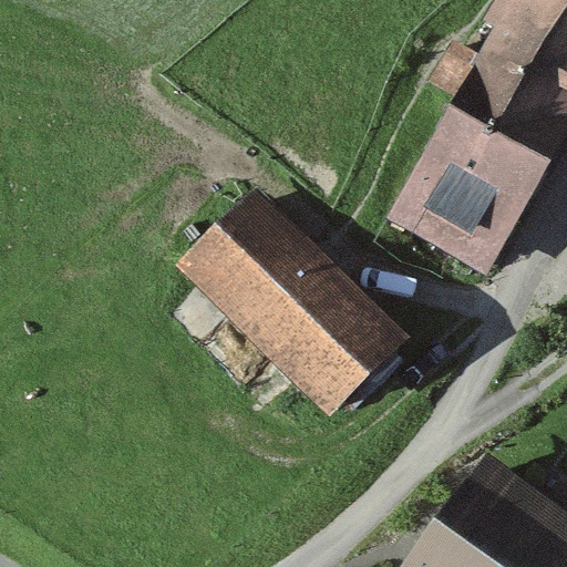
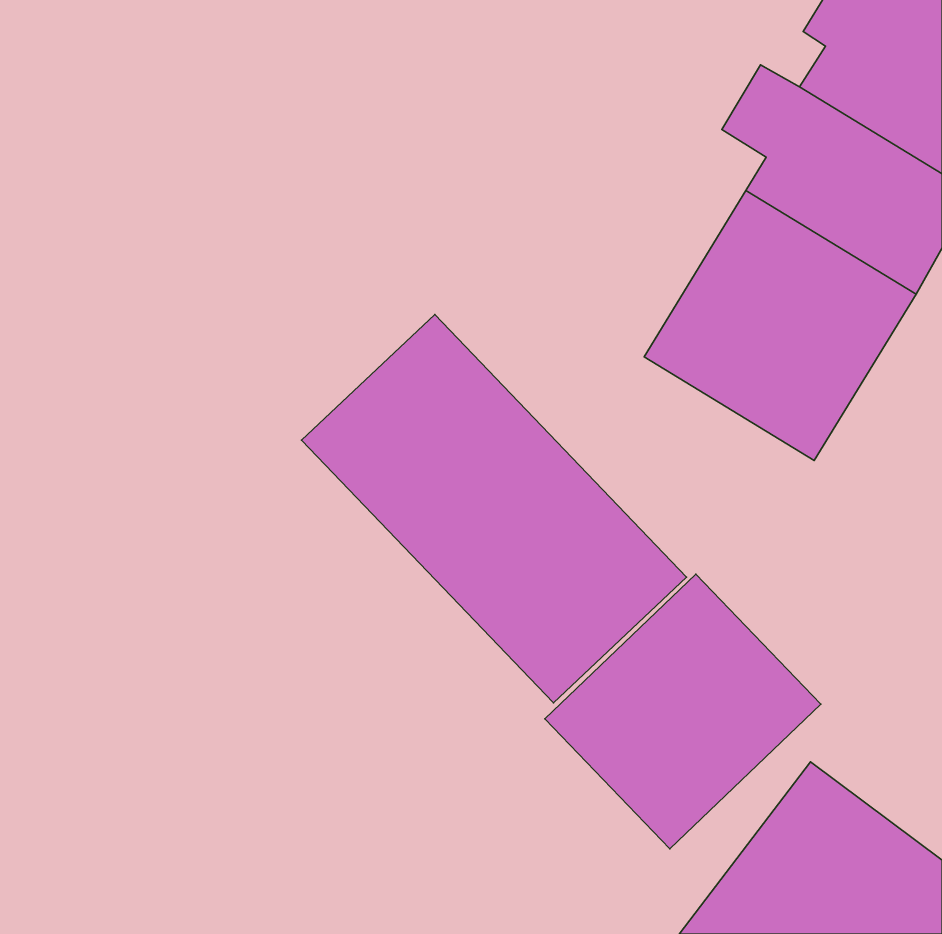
building: none -> [545,574,821,849]

